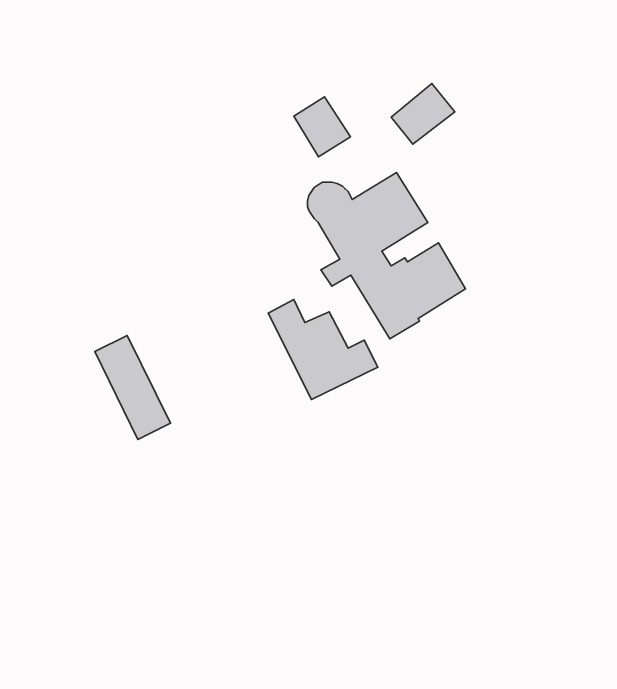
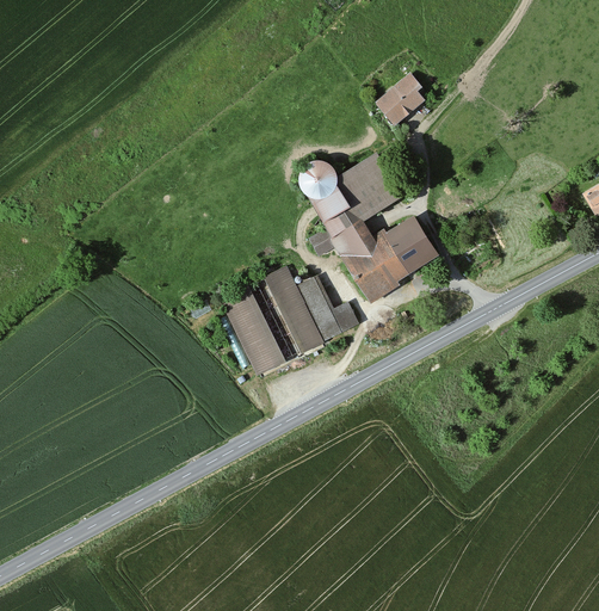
building: [294,97,351,157] -> none
building: [95,335,170,439] -> [218,284,285,376]

